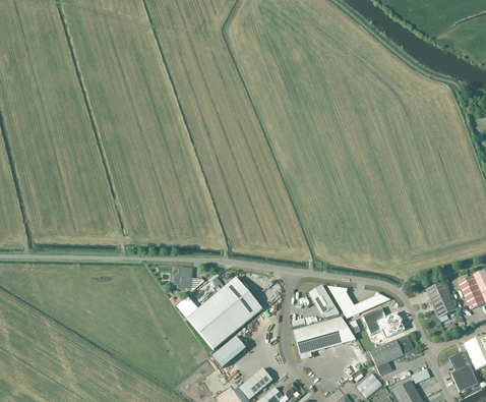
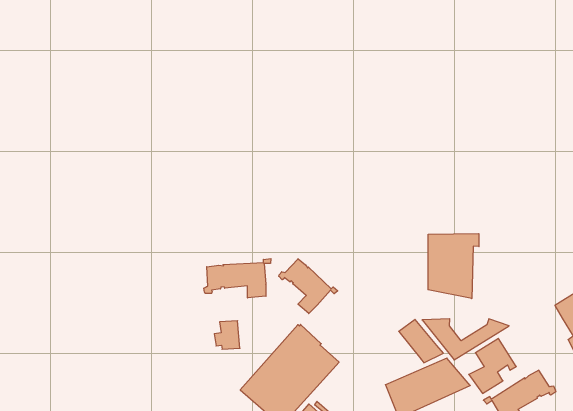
building: none -> [428,234,479,299]
building: none -> [204,259,271,298]
building: none -> [279,259,338,314]

